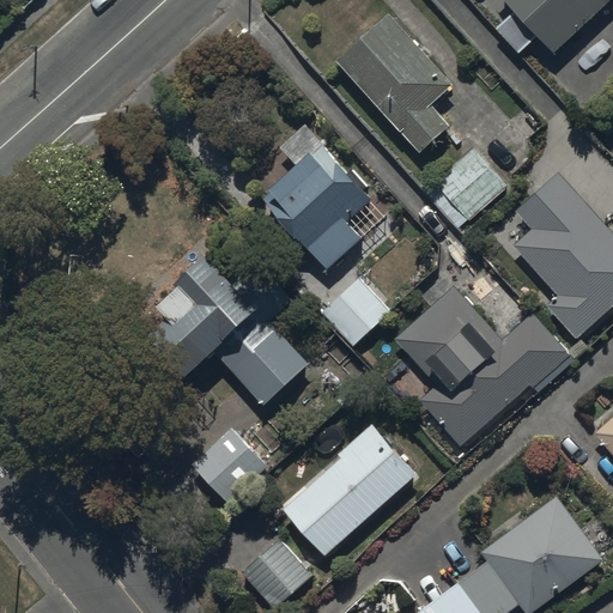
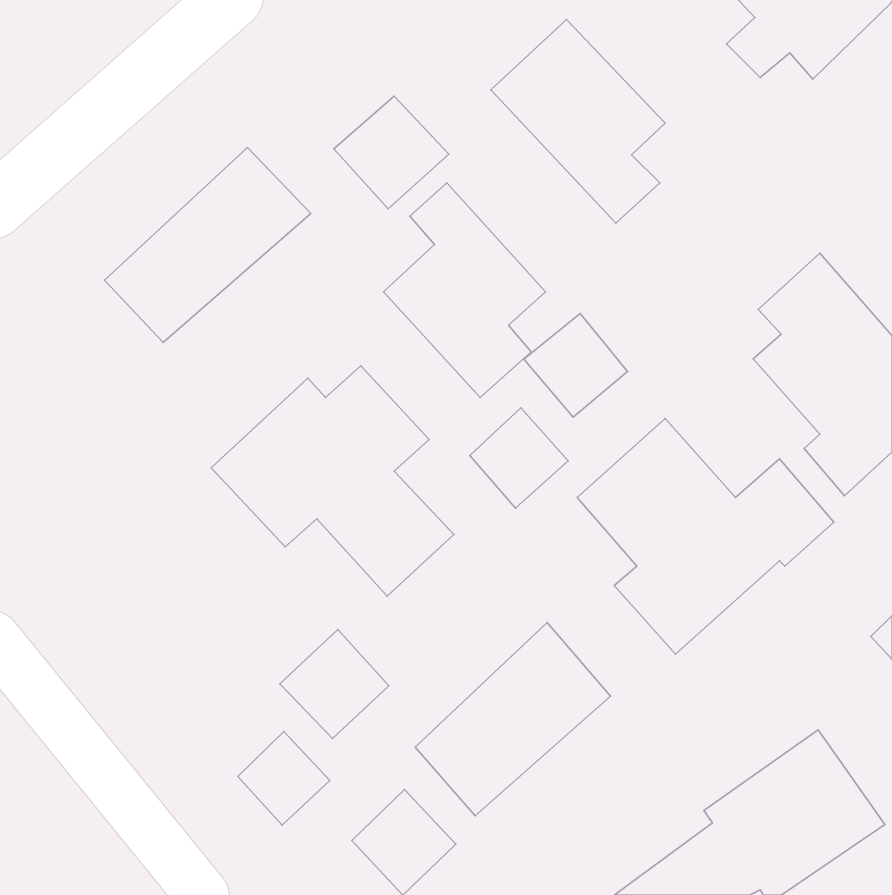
building: none -> [334,96,449,209]
building: none -> [104,147,311,342]
building: [435,148,505,219] -> [524,313,628,417]
building: none -> [238,732,330,825]

